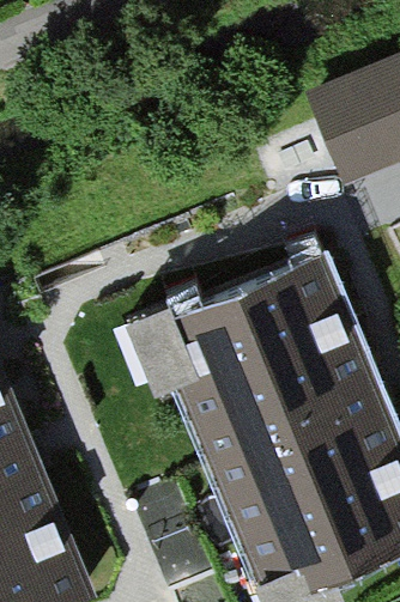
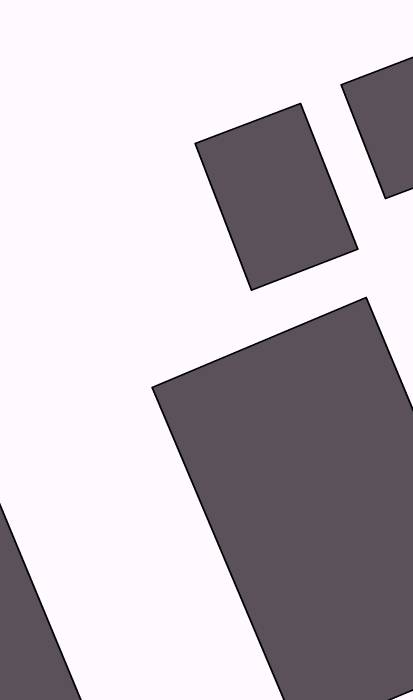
building: none -> [195,103,358,290]

